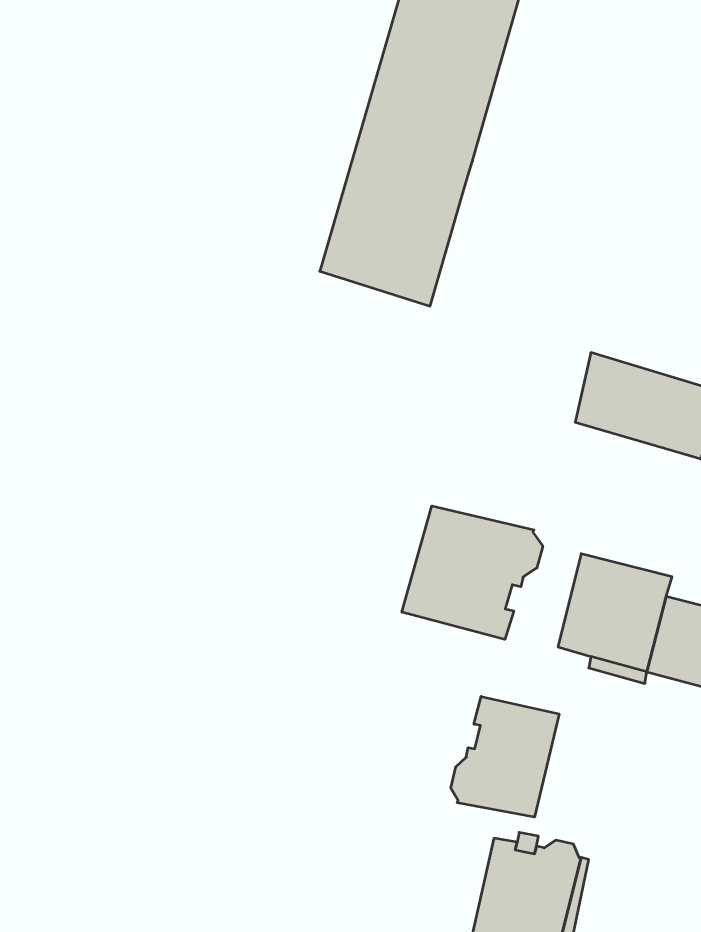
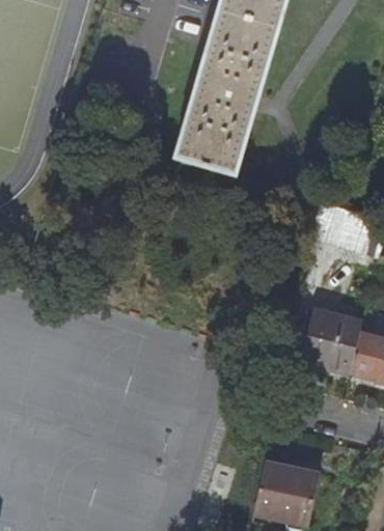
building: [402,506,543,639] -> none
building: [451,696,559,817] -> none

